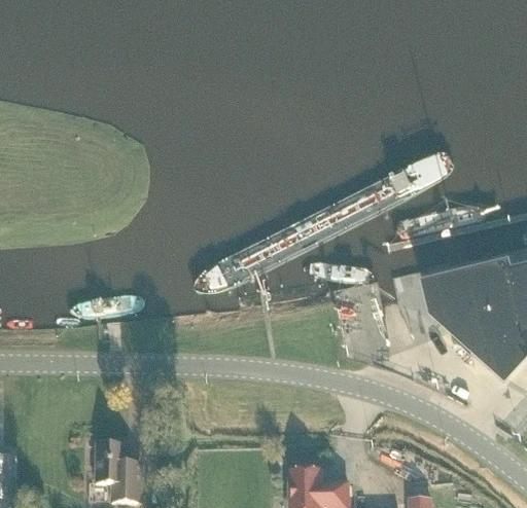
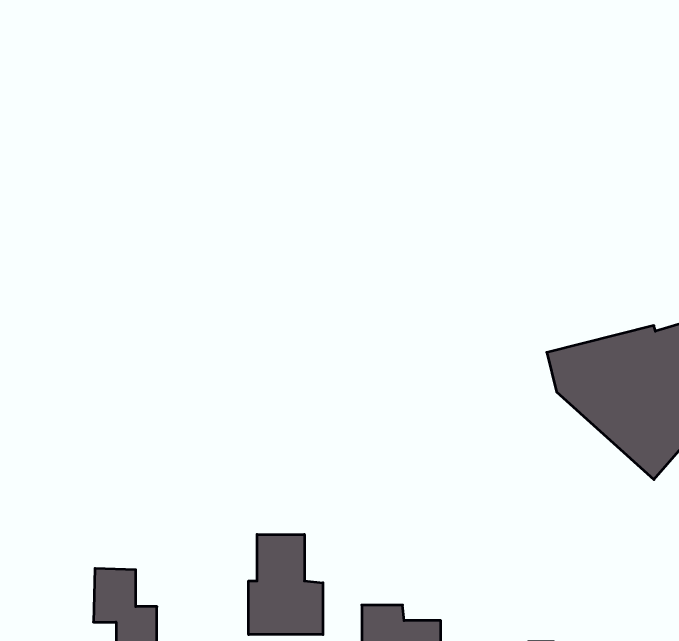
building: none -> [249,534,323,635]

